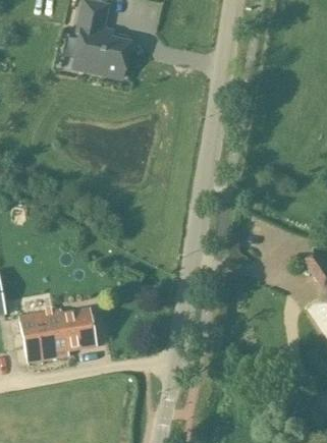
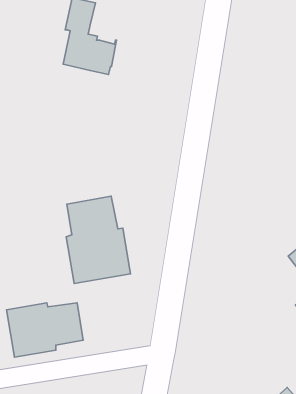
building: none -> [66,196,130,283]

